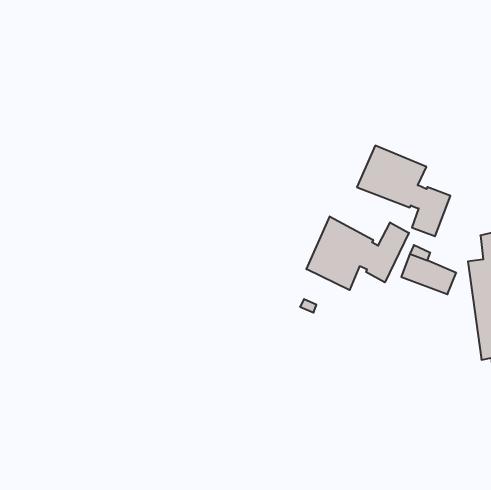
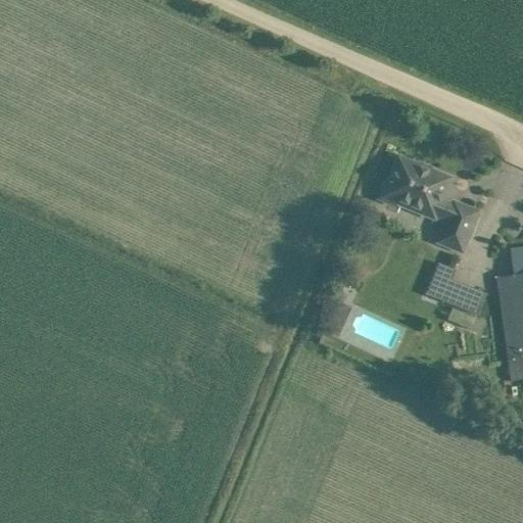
building: [306,216,409,290] -> none

